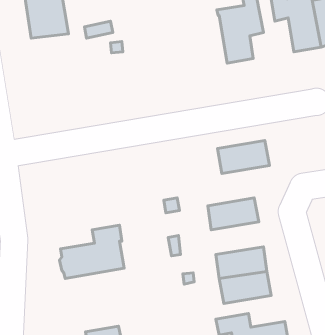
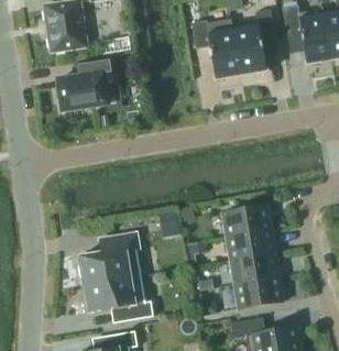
building: none -> [192,20,241,79]
building: none -> [55,57,113,111]
building: [217,141,270,173] -> [226,229,276,261]
building: none -> [84,274,153,320]

